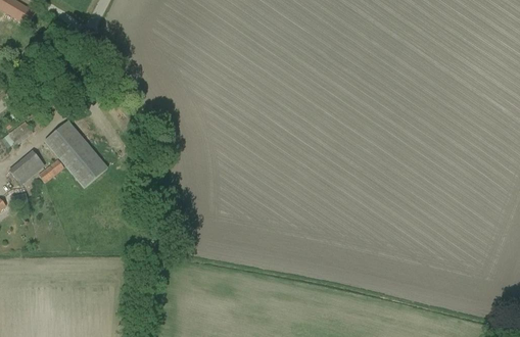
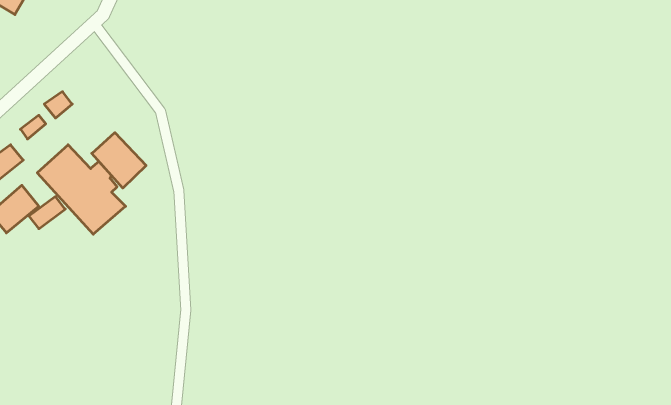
building: none -> [92,133,146,188]

